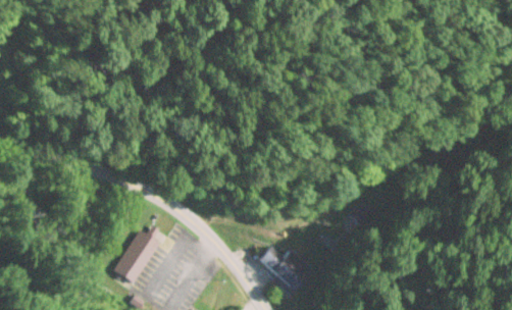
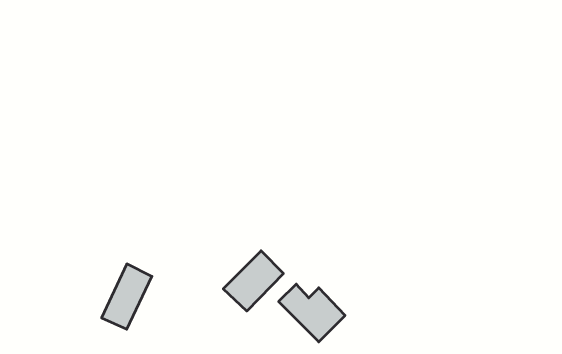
building: none -> [223,251,283,311]

